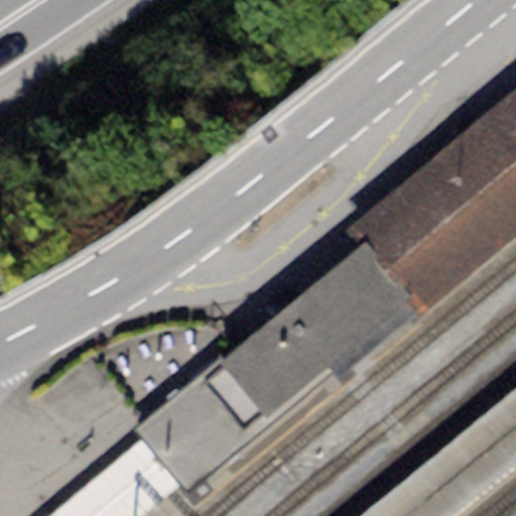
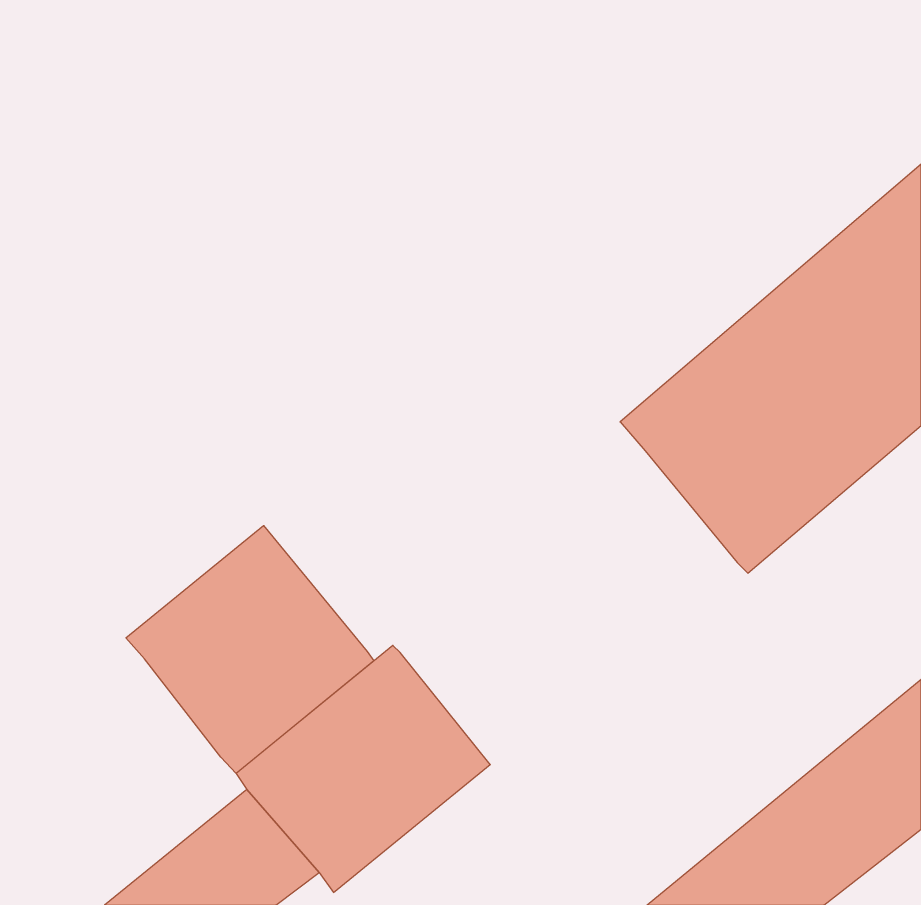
building: [224,252,412,427] -> none
building: none -> [126,526,374,773]

